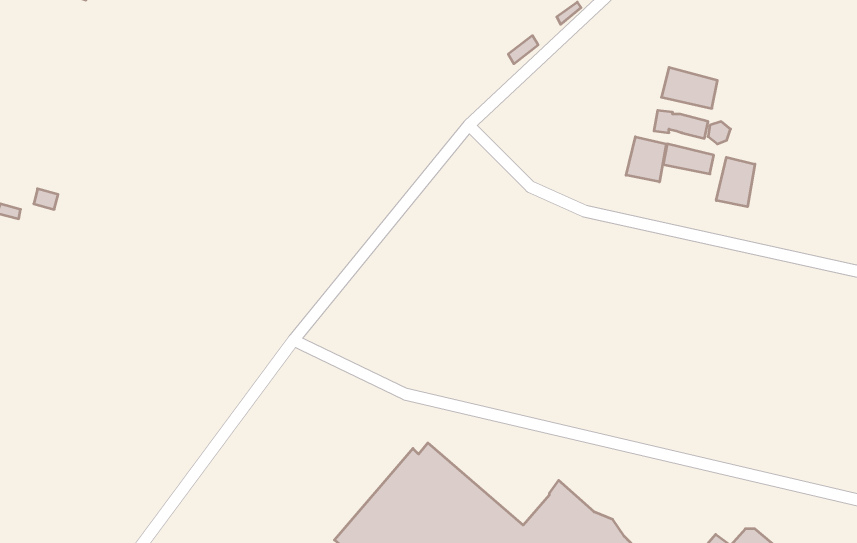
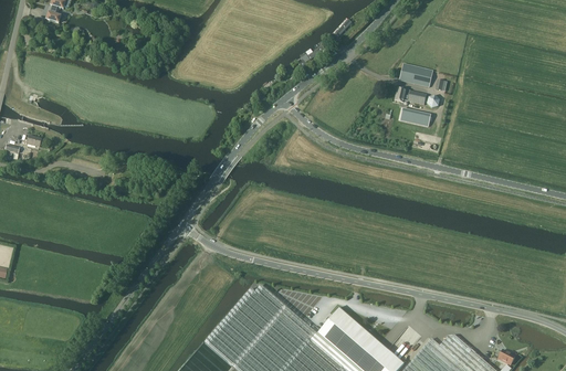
building: [626,137,666,182] -> none
building: [716,157,755,207] -> none

